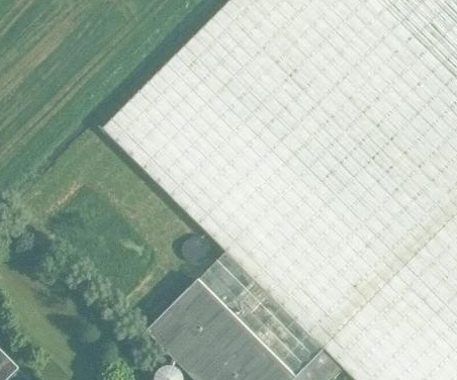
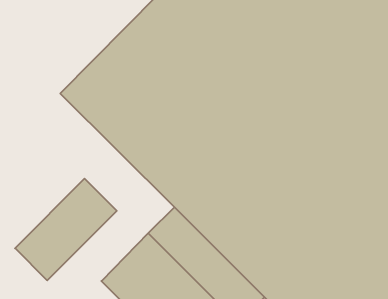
building: none -> [15,179,117,280]

